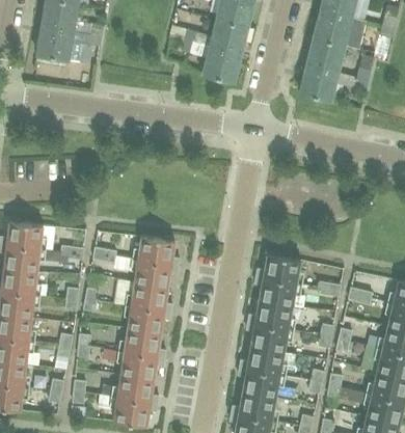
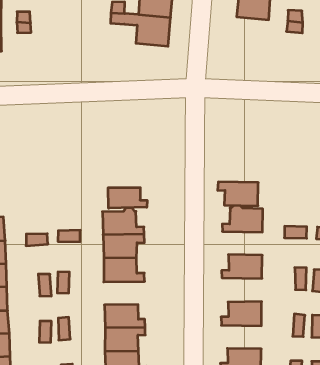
building: [299,65,338,102] -> none
building: none -> [108,188,147,208]
building: [254,275,296,305] -> [218,182,258,206]
building: [128,305,171,333] -> none
building: [246,321,288,351] -> none
building: [238,368,279,398] -> none

